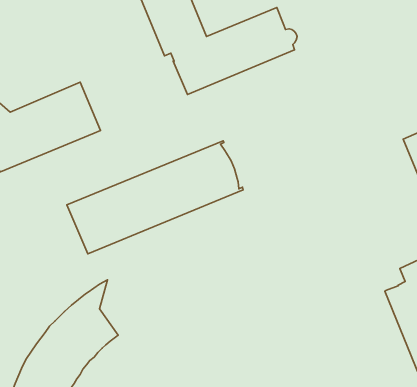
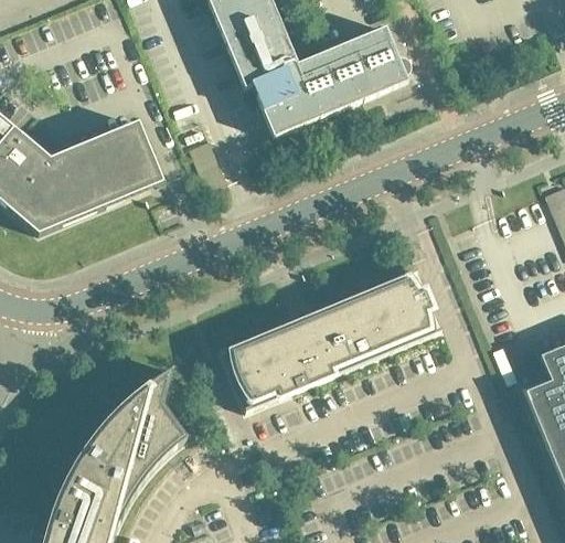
building: [67,141,243,254] -> [220,268,441,411]

